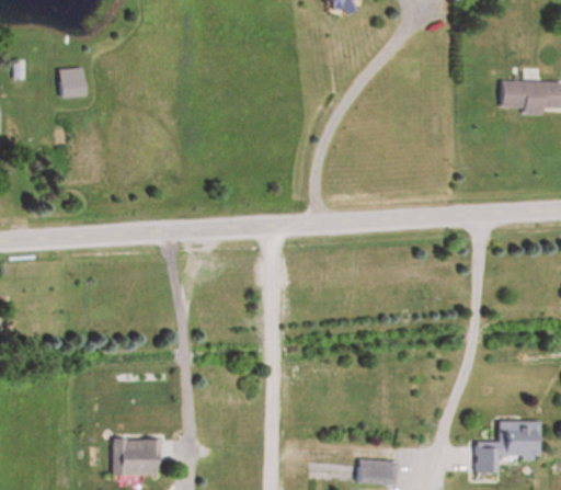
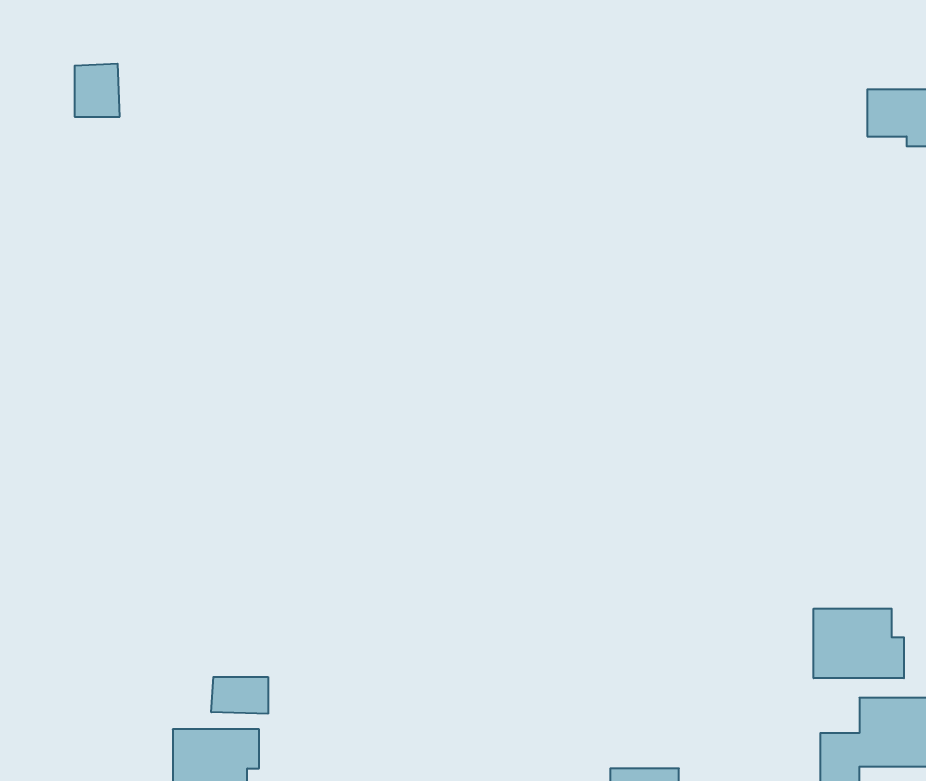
building: none -> [814,609,904,678]
building: none -> [211,677,268,714]

